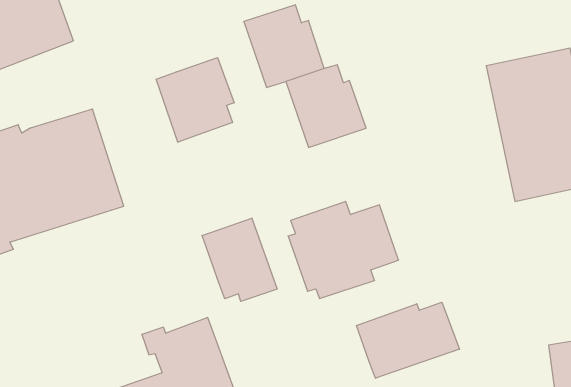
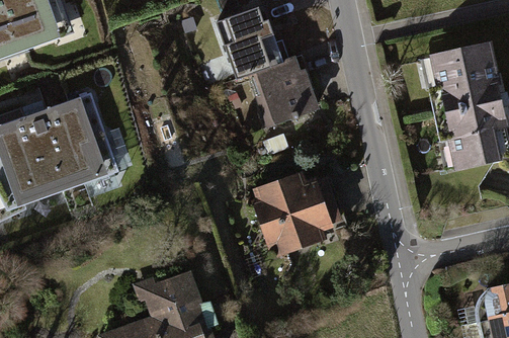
building: [156,58,234,142] -> none
building: [202,218,277,301] -> none
building: [356,302,459,378] -> none

